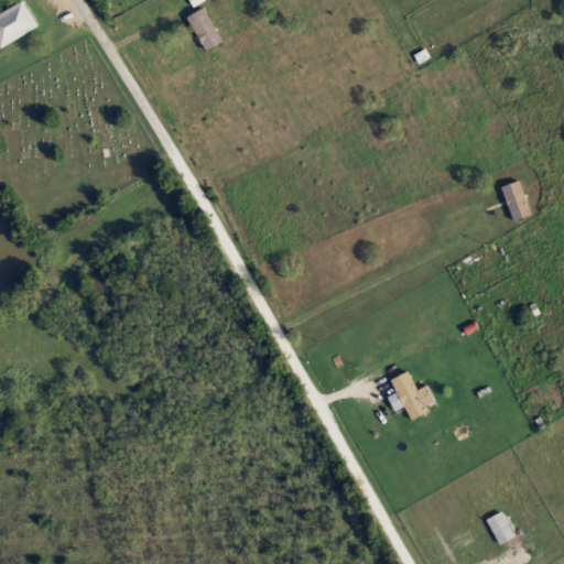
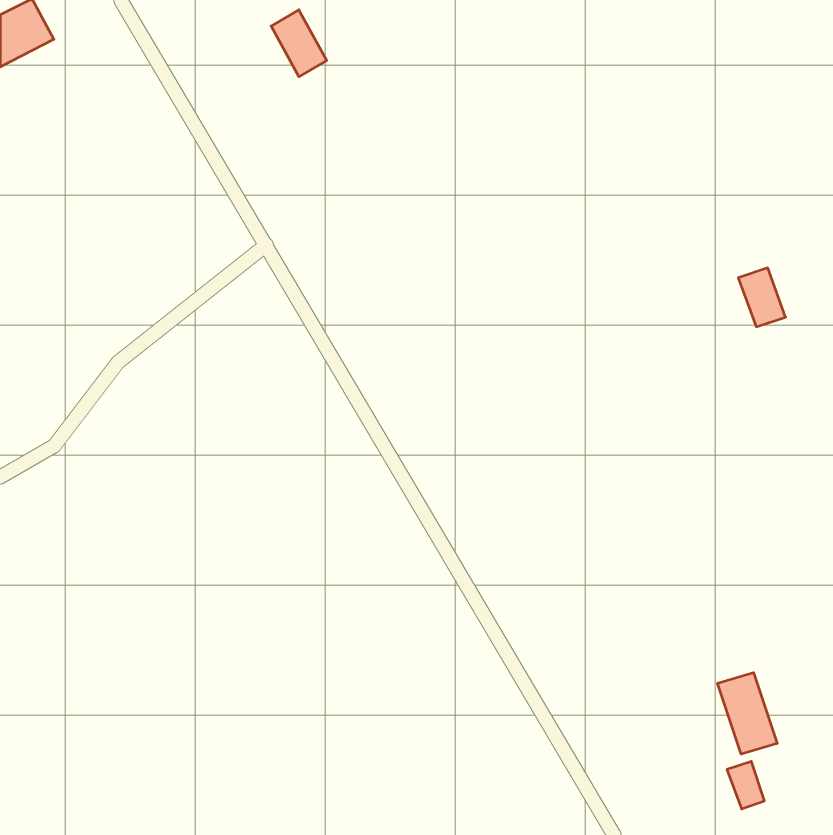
building: [389,371,426,421] -> none
building: none -> [718,673,777,754]

